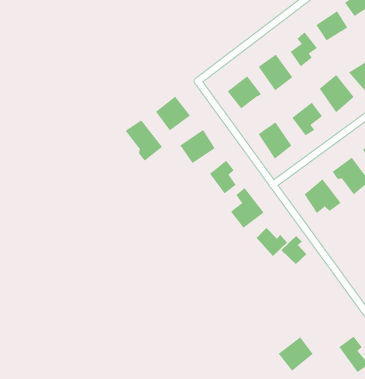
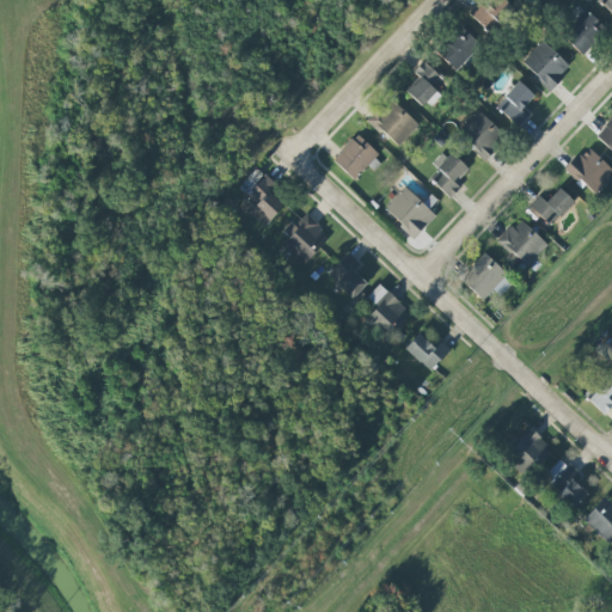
building: [125,119,163,161] -> none
building: [281,235,307,265] -> none
building: [278,337,313,371] -> [506,427,553,476]

